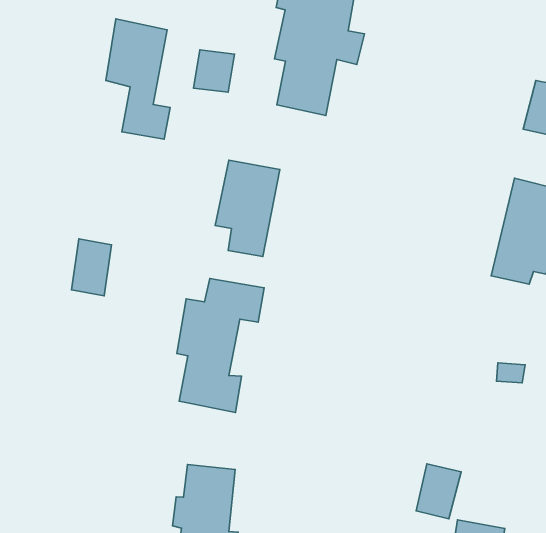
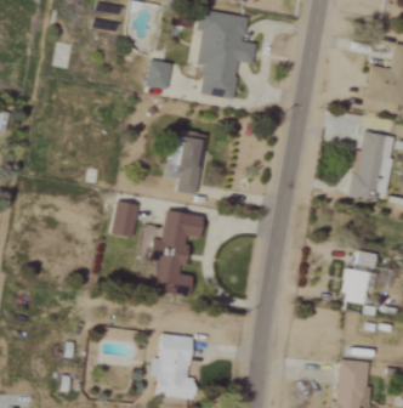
building: [106,19,170,139] -> none
building: [72,239,111,296] -> [112,200,136,237]
building: [416,464,461,519] -> [342,268,370,304]

